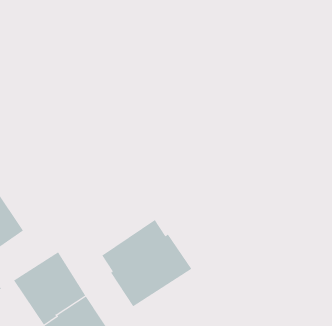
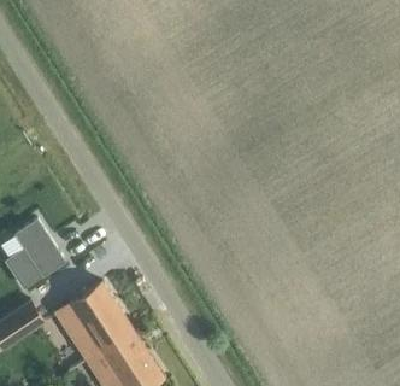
building: [102,219,192,307] -> none

